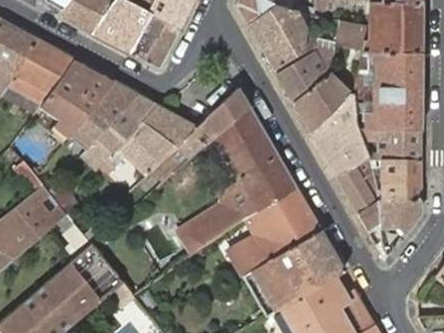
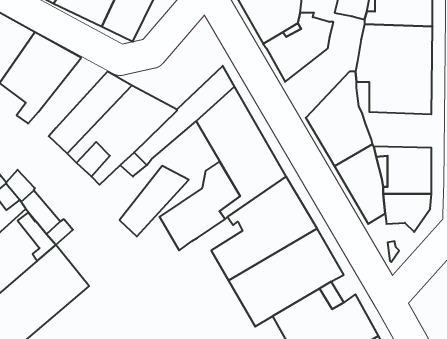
building: [292,73,348,133] -> none
building: [77,81,137,142] -> [120,166,189,236]
building: [359,128,420,159] -> none

